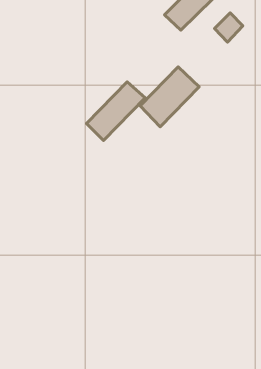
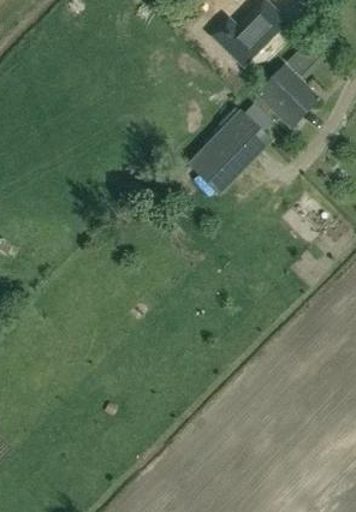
building: none -> [259,64,320,125]
building: [87,82,145,140] -> none

